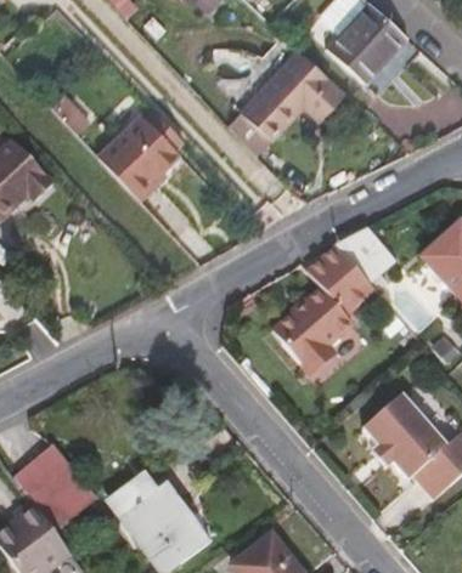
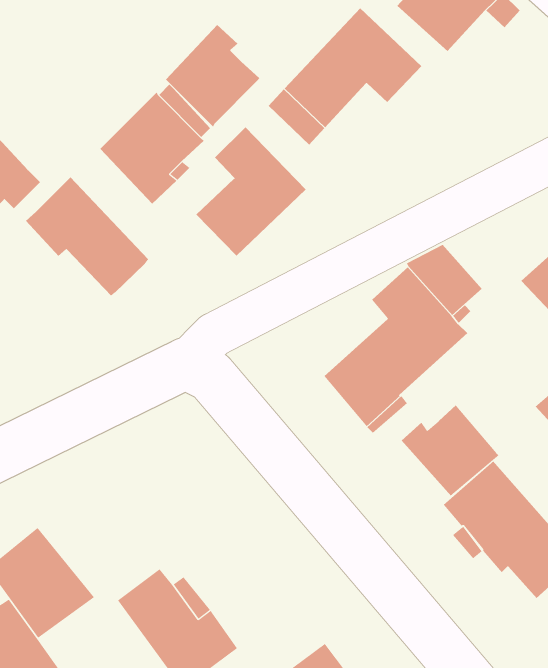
building: none -> [165,24,260,127]
building: none -> [196,127,306,257]
building: none -> [25,176,149,297]
building: none -> [401,405,500,496]

